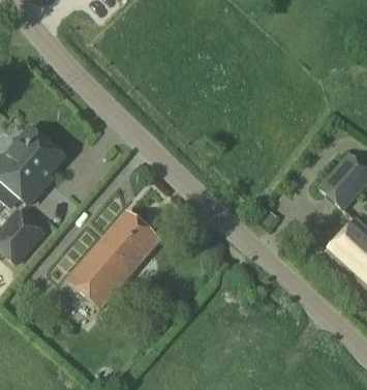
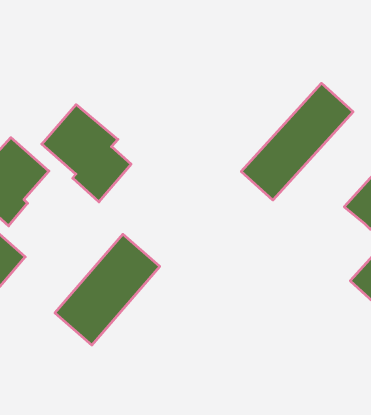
building: none -> [241,83,353,200]
building: none -> [42,105,131,202]

